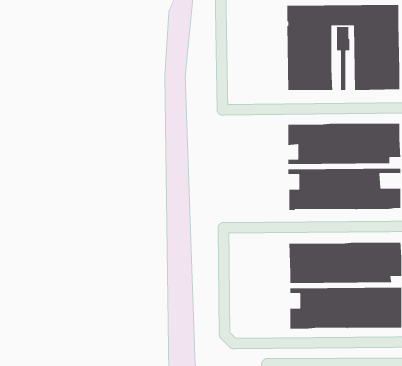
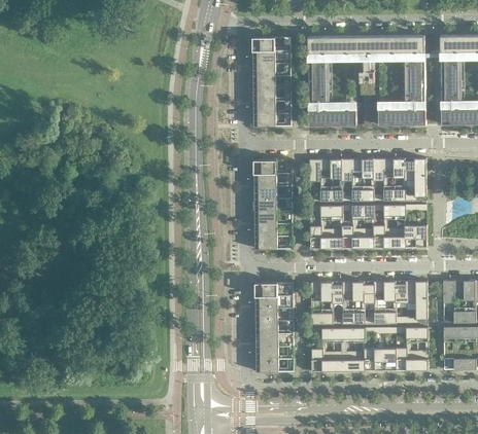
building: none -> [253,38,293,128]
building: none -> [254,160,294,250]
building: none -> [257,283,295,372]

